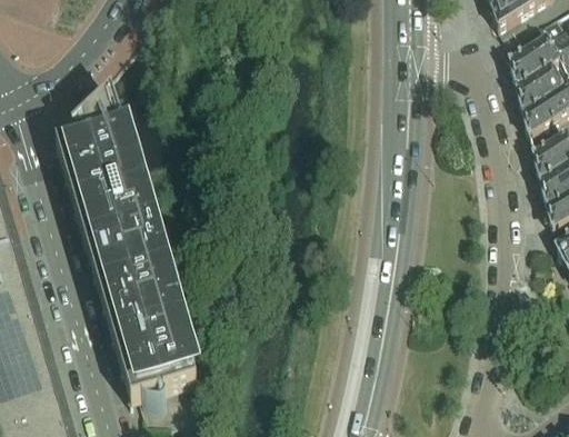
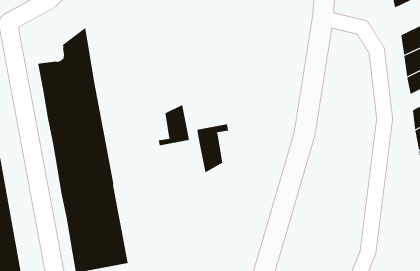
building: none -> [158,104,190,146]
building: none -> [197,124,229,173]

